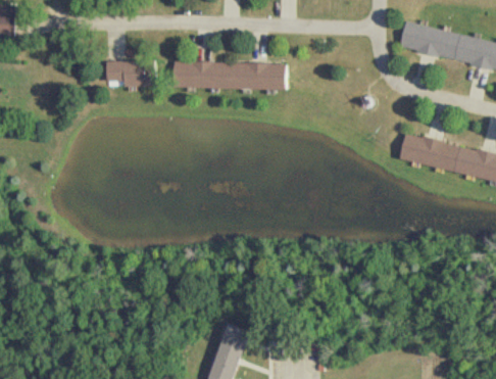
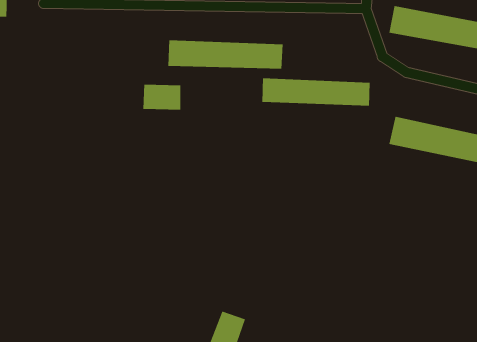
building: [110,59,148,85] -> [143,84,181,110]
building: none -> [262,77,370,107]

